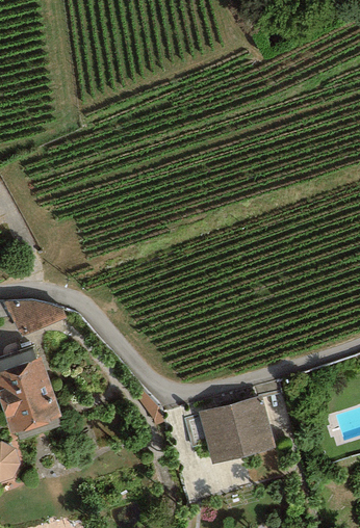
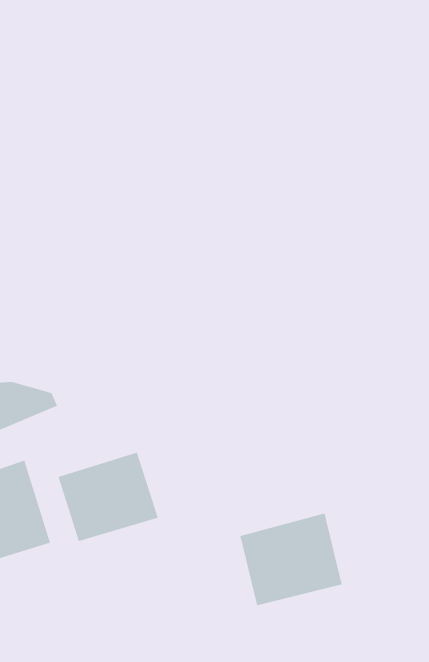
building: none -> [58,452,158,542]

